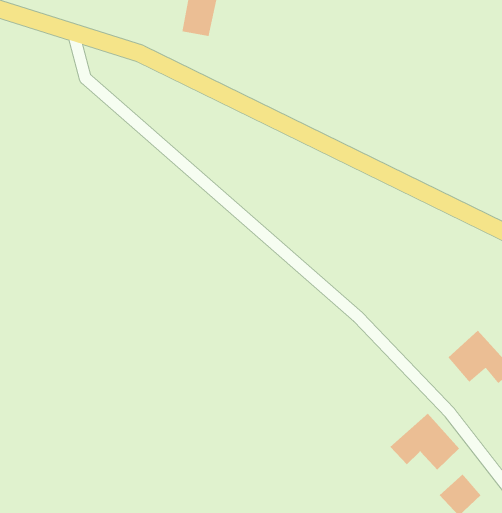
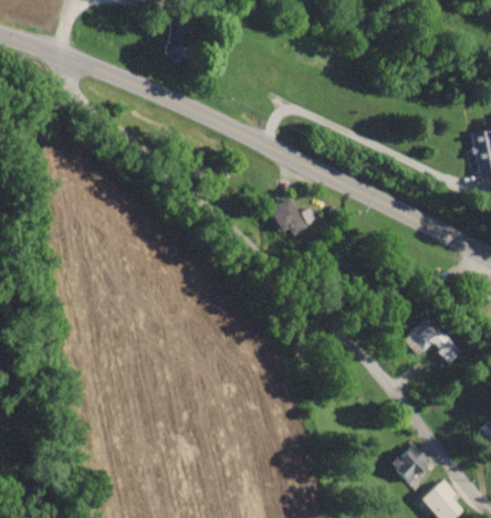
building: none -> [273,198,307,234]
building: [390,413,460,470] -> none

